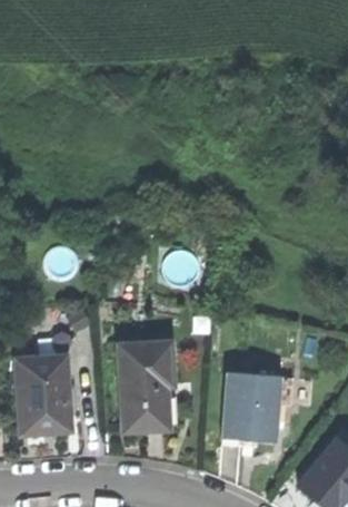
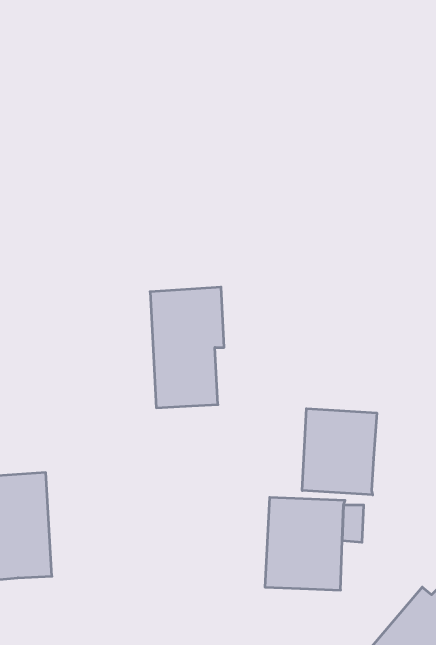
building: none -> [302,409,377,495]
building: [120,342,173,429] -> [150,287,224,408]

